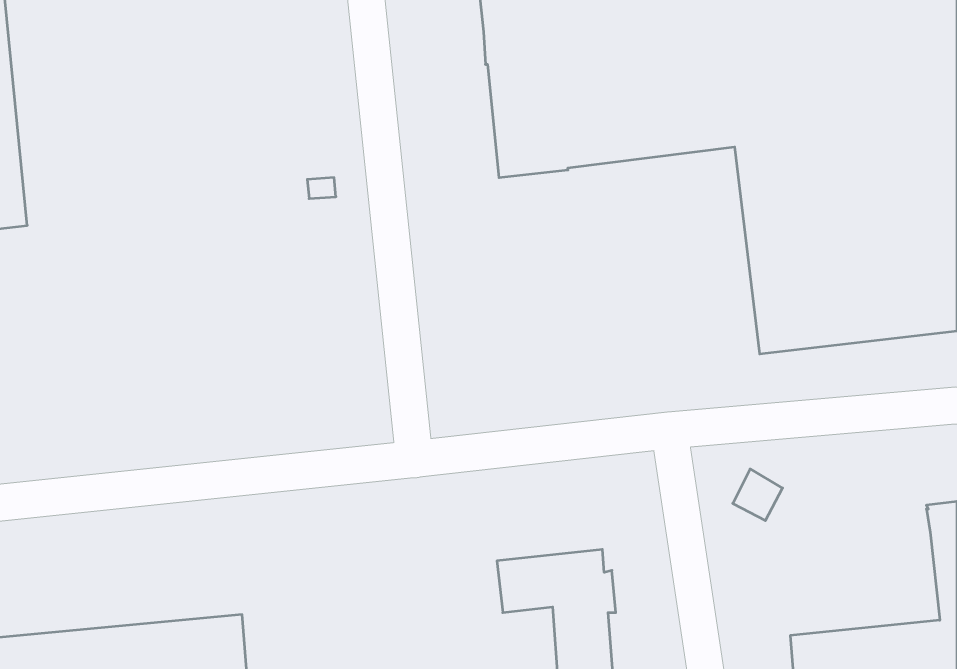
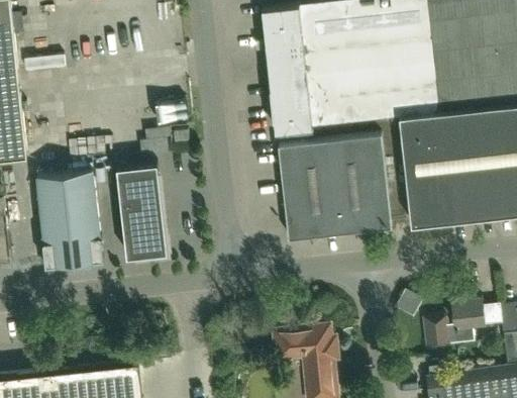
building: none -> [279,135,392,240]
building: none -> [117,164,168,258]
building: none -> [37,171,104,267]
building: none -> [424,300,502,350]

